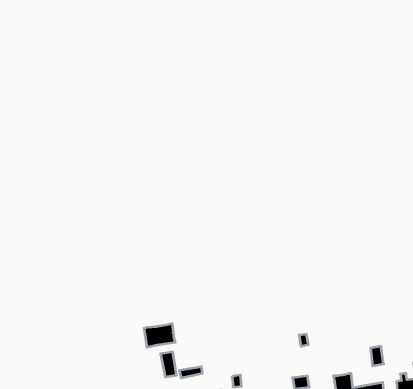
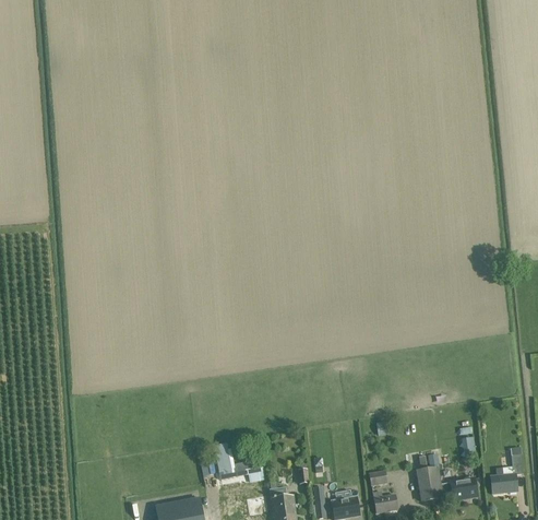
building: [144,323,175,347] -> none

